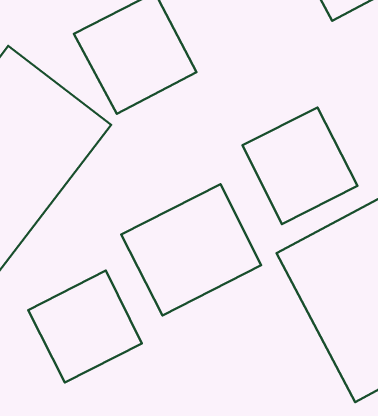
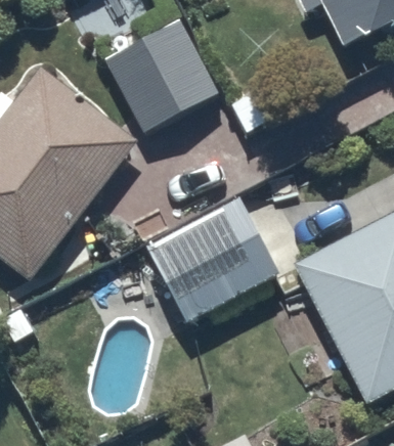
building: [242,108,357,224] -> none
building: [28,270,142,383] -> none

